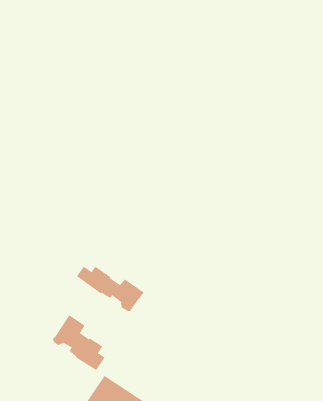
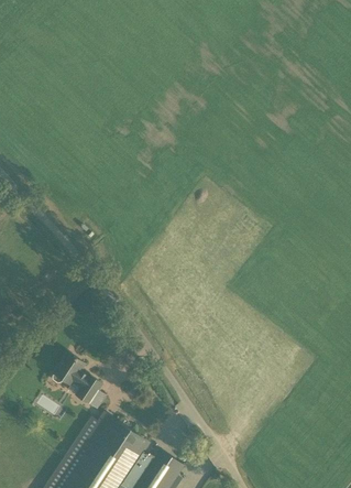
building: [76,266,144,312] -> none

